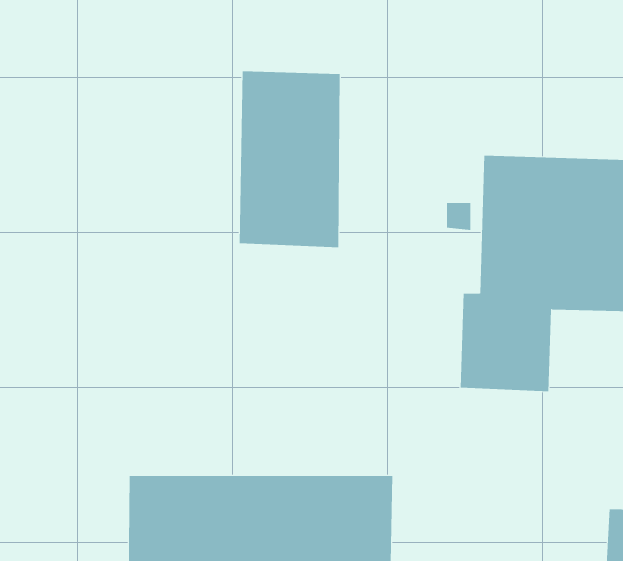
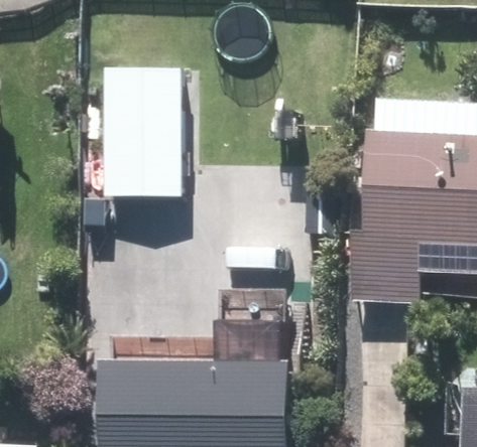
building: [239,71,341,248] -> [102,68,175,196]

